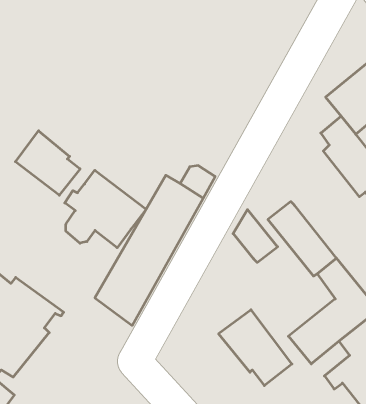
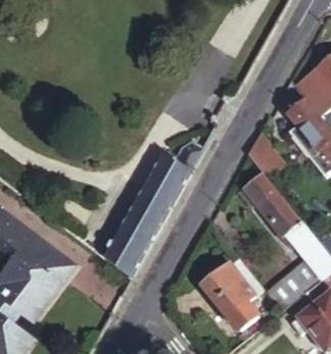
building: [15,131,80,195] -> none
building: [65,170,146,248] -> none
building: [233,210,278,262] -> [247,133,285,178]

